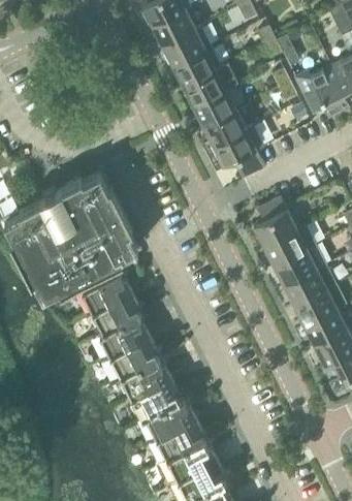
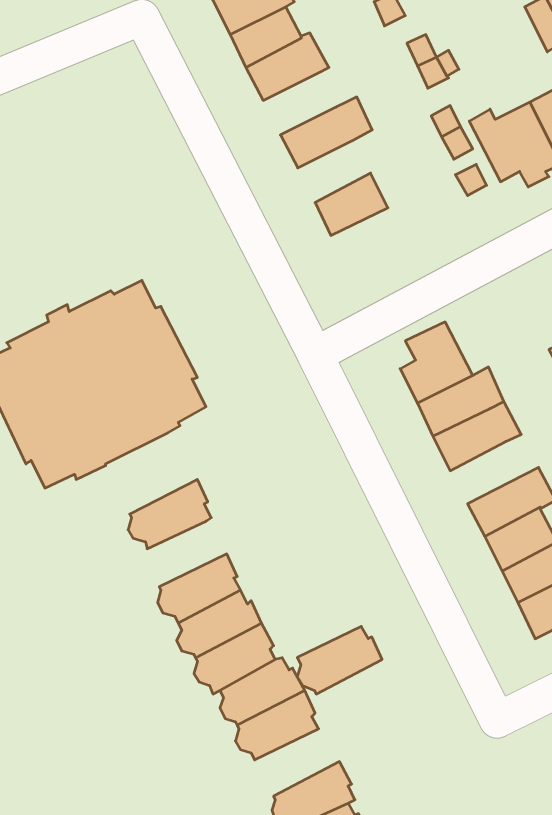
building: [171,44,221,85] -> none
building: [192,88,235,125] -> none
building: [212,125,265,179] -> none
building: [77,262,132,311] -> none
building: [283,263,335,305] -> none
building: [99,315,150,354] -> none
building: [166,439,217,479] -> [297,626,382,694]

